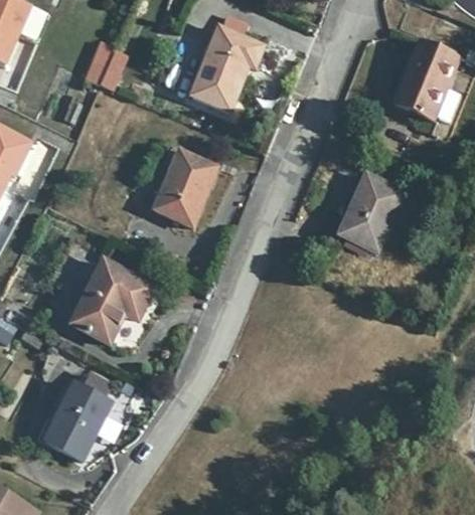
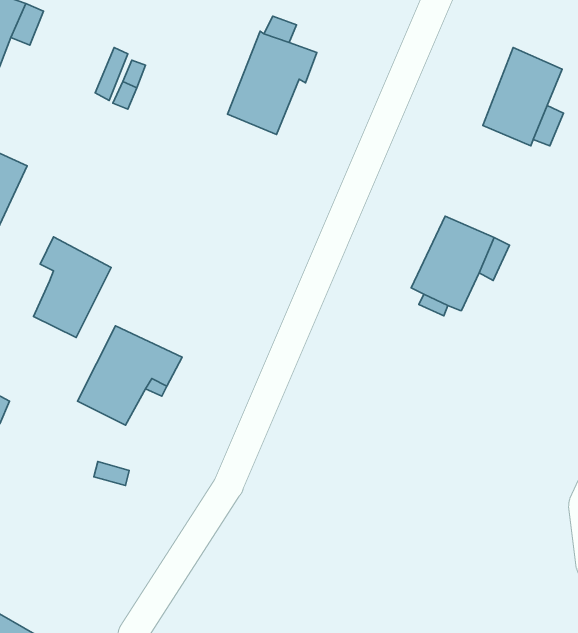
building: [152,151,215,224] -> none
building: none -> [34,237,111,338]
building: [42,383,111,459] -> none

